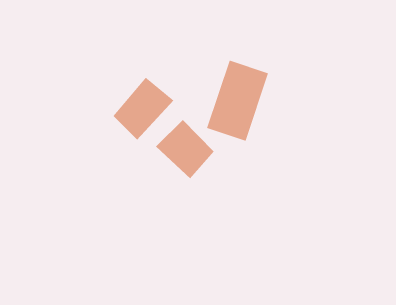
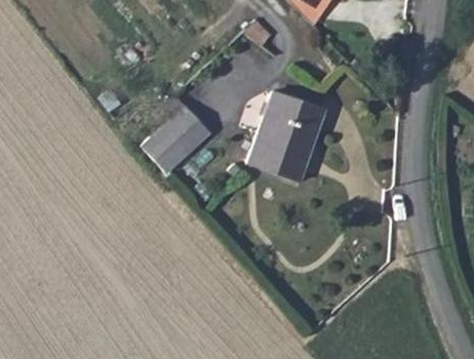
building: [155,119,214,179] -> none

